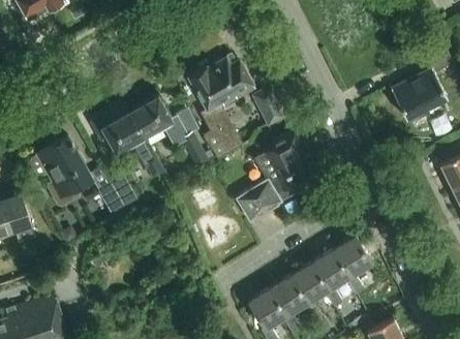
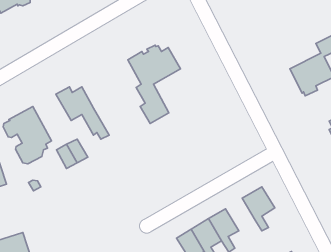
building: [252,86,285,124] -> none
building: [129,95,208,166] -> none
building: [236,130,321,221] -> none
building: [310,251,347,306] -> none

